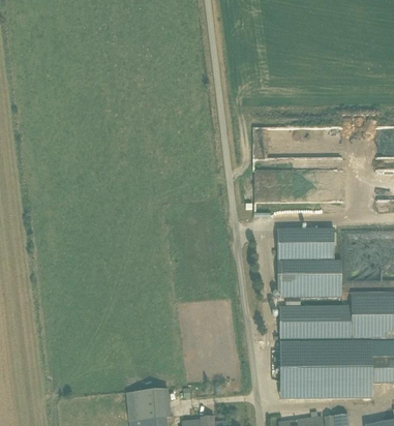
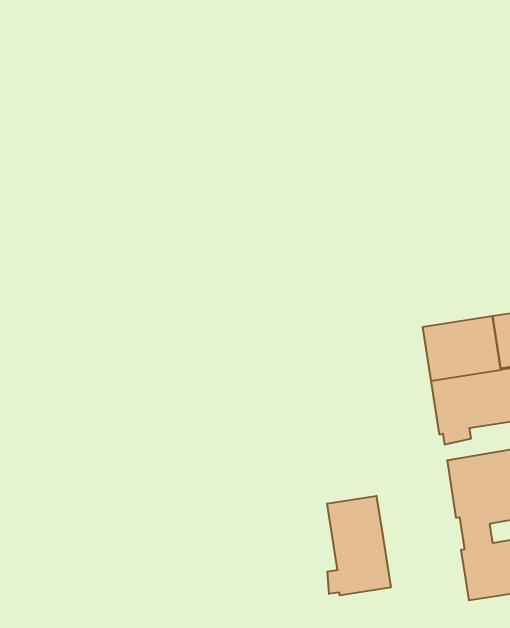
building: none -> [327,496,391,595]

